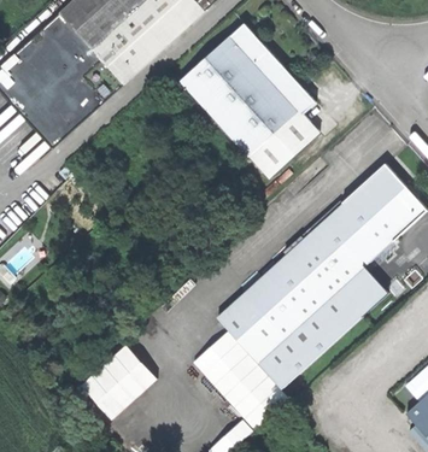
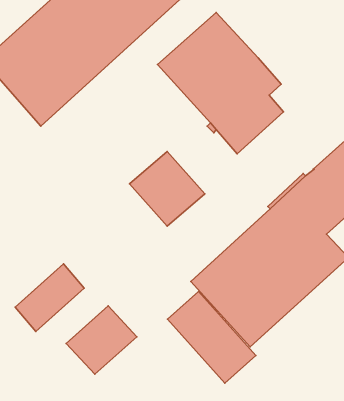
building: none -> [130,151,205,226]
building: none -> [15,264,84,332]

